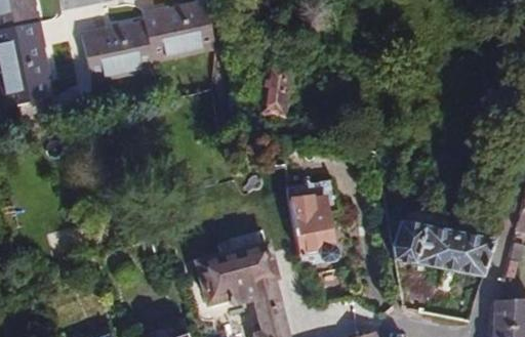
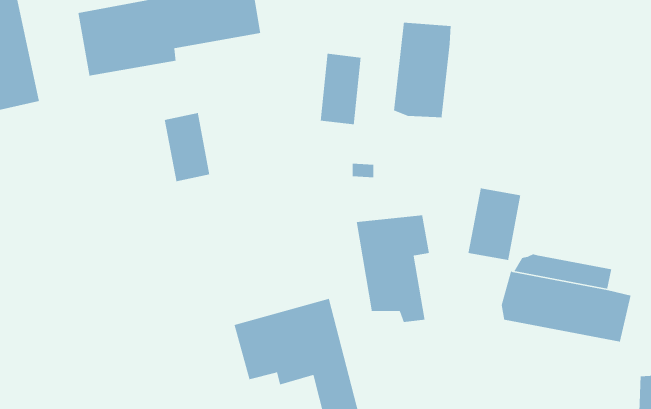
building: none -> [393,22,452,118]
building: none -> [164,112,210,182]
building: none -> [468,188,521,261]

